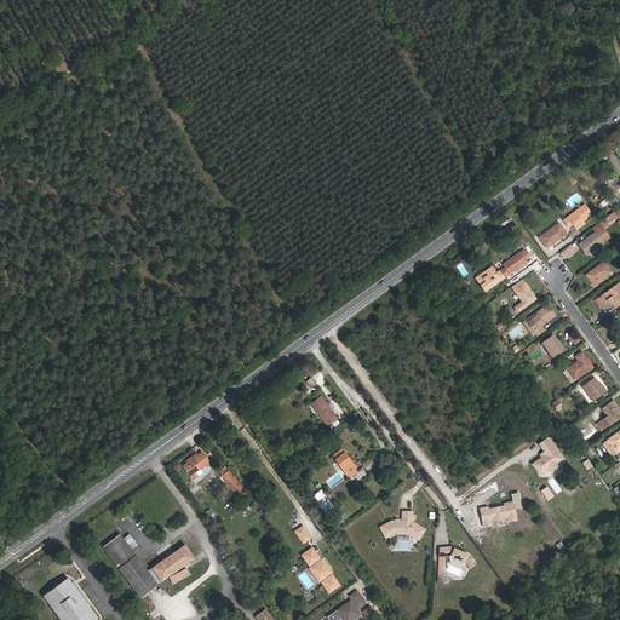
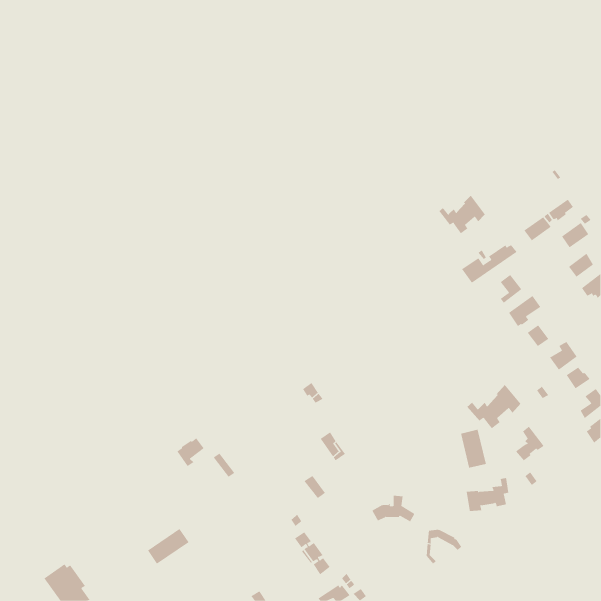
building: none -> [439,195,486,234]
building: none -> [467,384,521,429]
building: none -> [460,429,486,469]
building: [101,529,157,597] -> none

